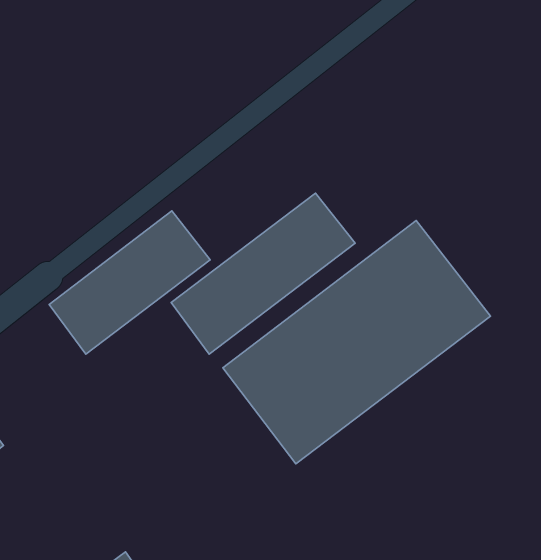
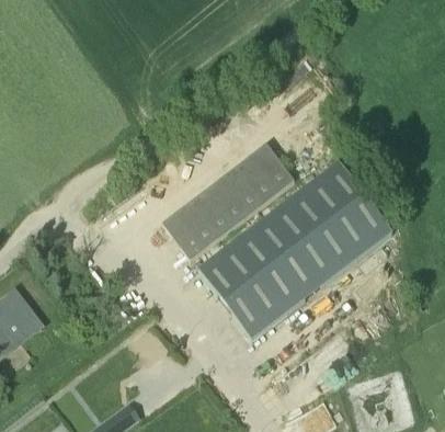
building: [49,211,210,354] -> none

